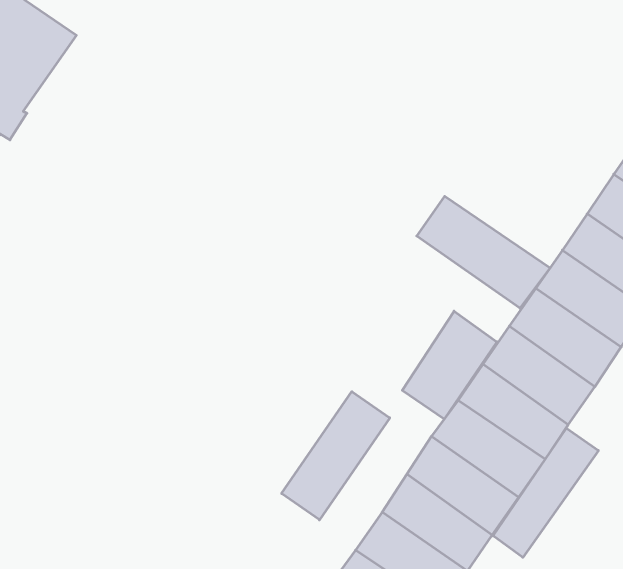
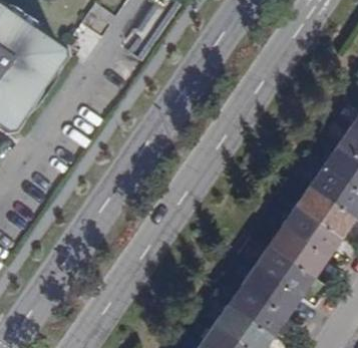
building: [417,196,550,308] -> none
building: [402,311,497,419] -> none
building: [282,392,390,520] -> none
building: [493,428,598,557] -> none

